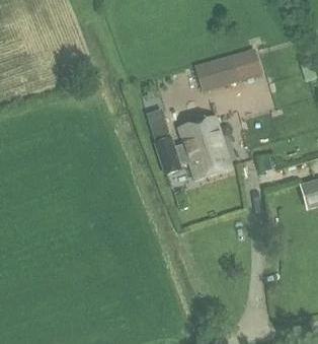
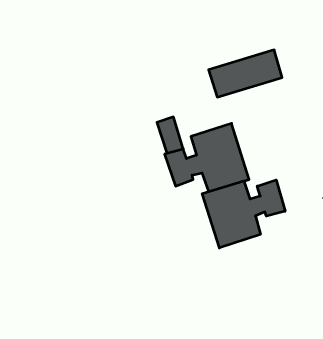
building: none -> [202,180,285,248]

